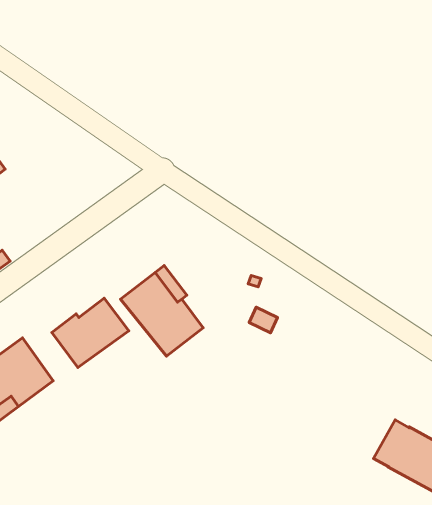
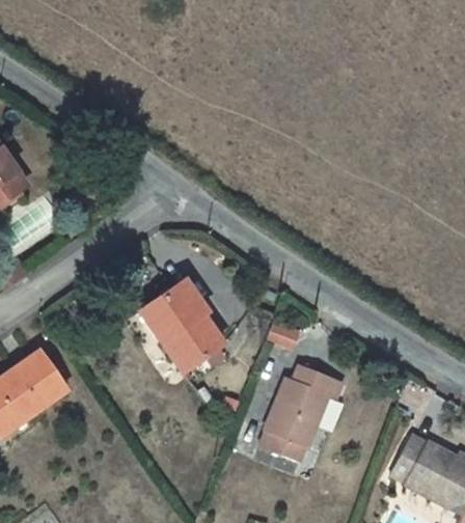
building: [52,298,129,368] -> none
building: none -> [258,363,343,462]

